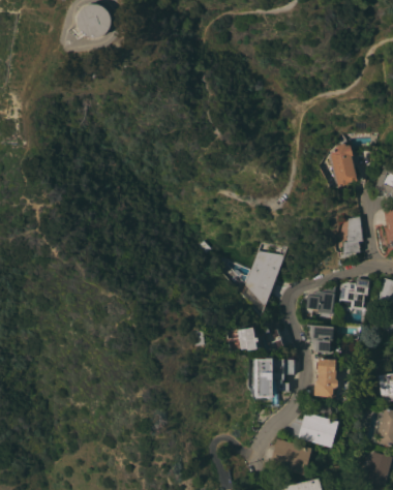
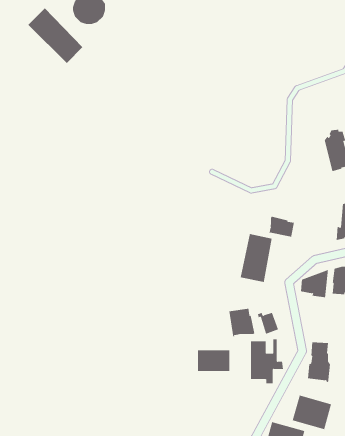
building: none -> [27,8,83,64]
building: none -> [268,216,294,238]
building: [306,325,336,354] -> none
building: none -> [198,349,230,372]

